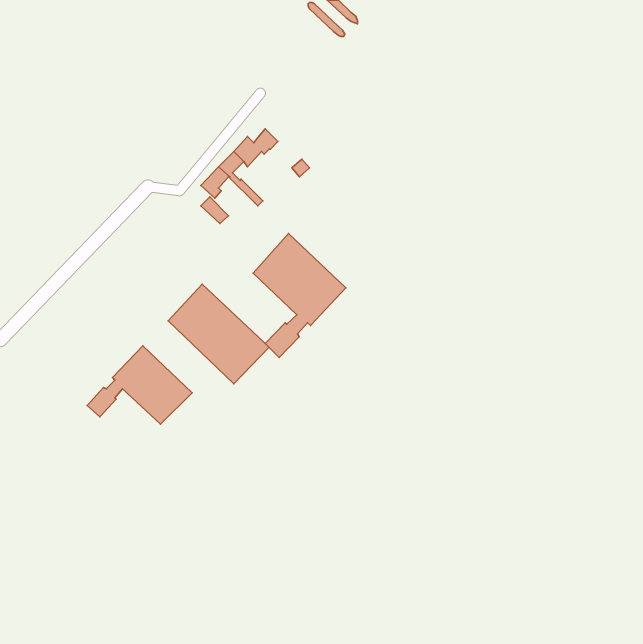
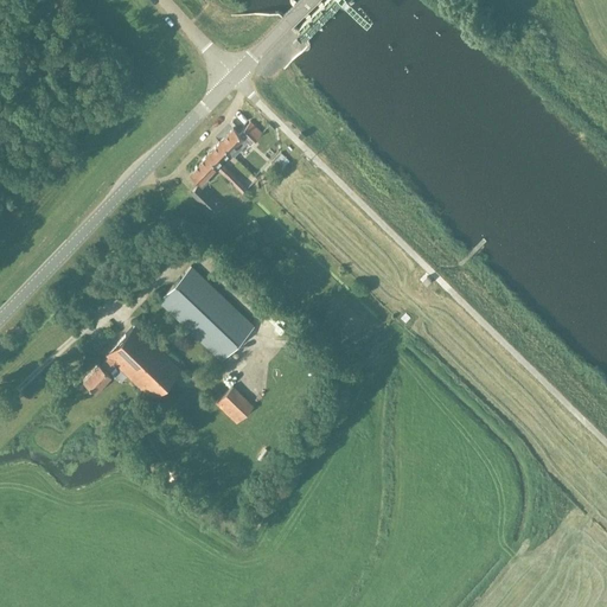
building: [253,234,346,357] -> none
building: none -> [217,386,256,424]

